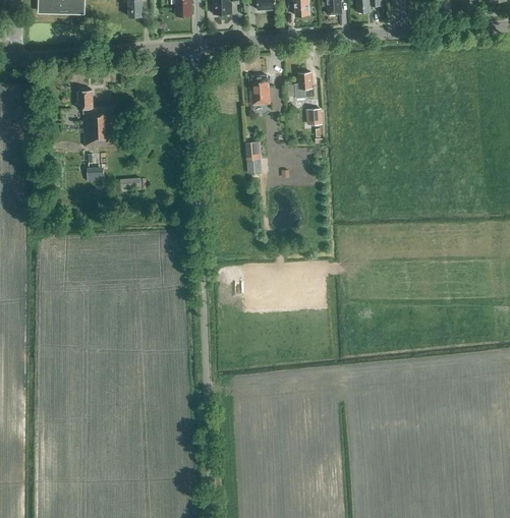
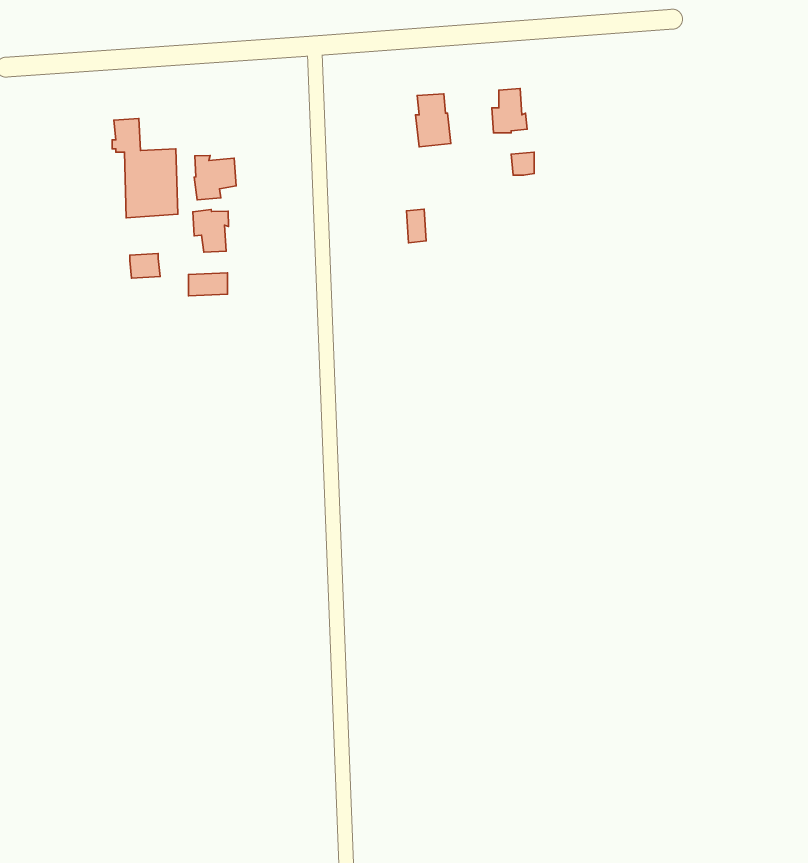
building: none -> [194,156,236,200]
building: none -> [193,210,228,252]

